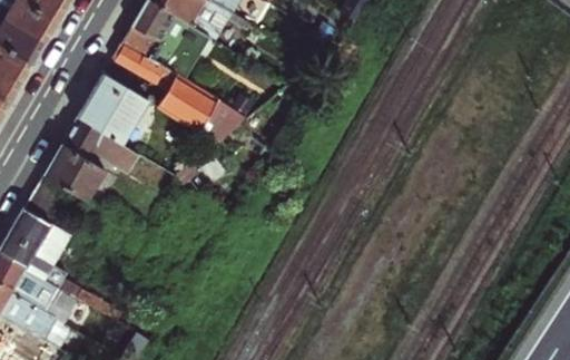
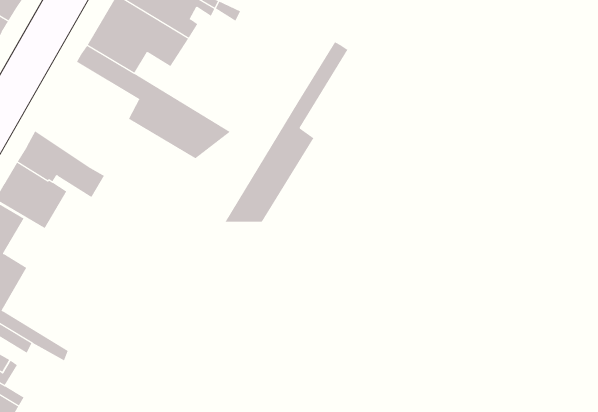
building: none -> [224,42,348,222]
building: [77,75,150,148] -> none

